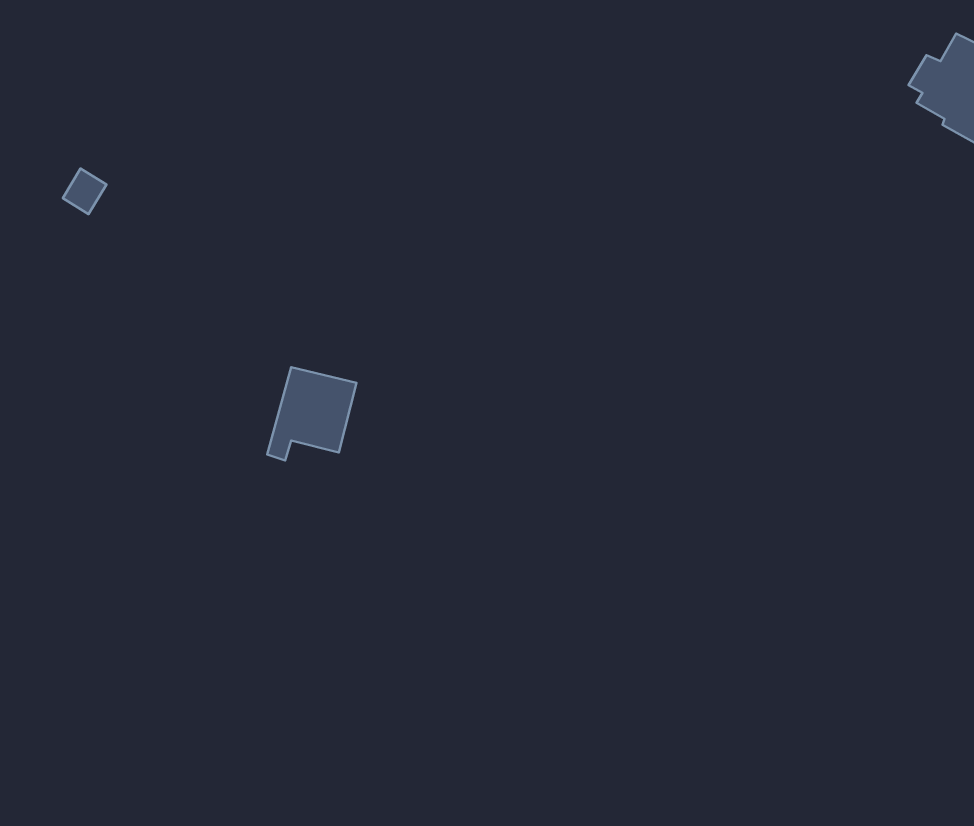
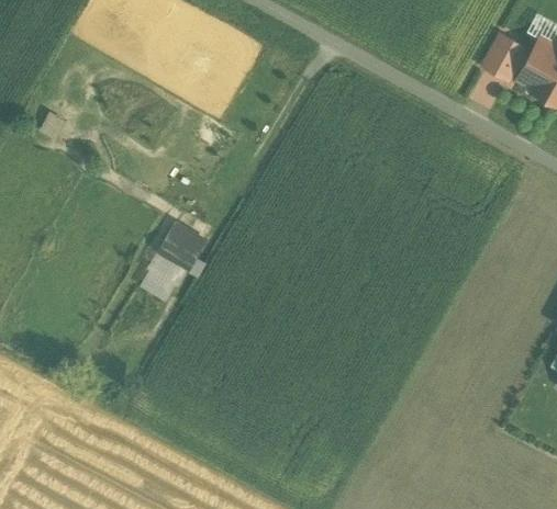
building: none -> [481,35,523,79]

